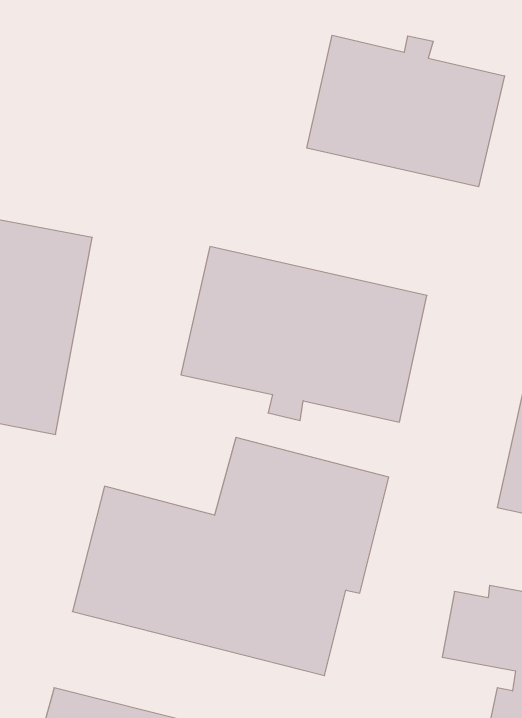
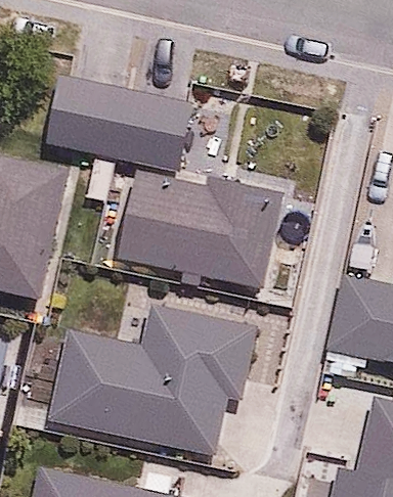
building: [307,35,504,187] -> none
building: none -> [38,70,202,176]

